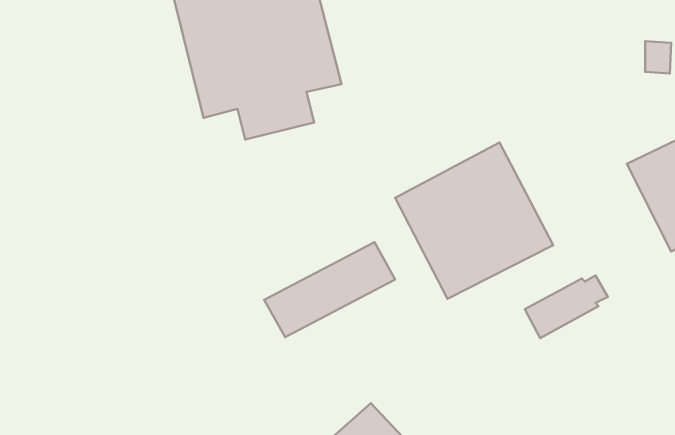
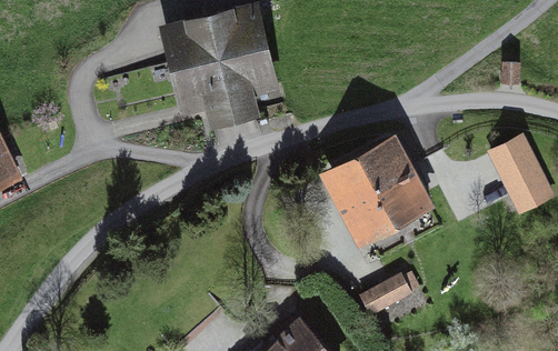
building: [264,242,395,337] -> none
building: [525,275,608,338] -> [360,270,420,315]

